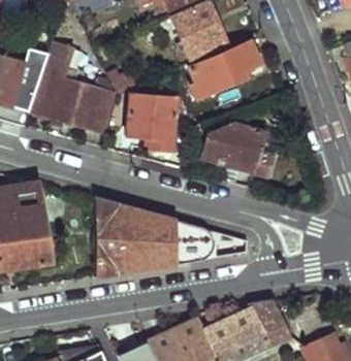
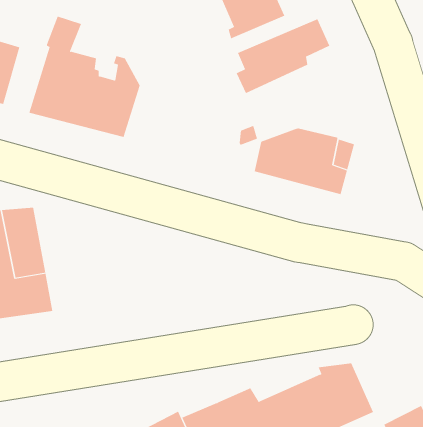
building: [126,94,176,149] -> none
building: [94,199,246,276] -> none

